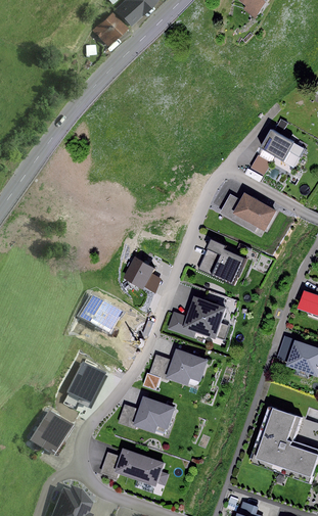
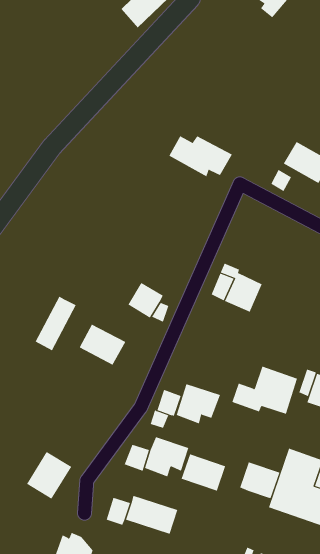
building: [91,11,126,46] -> none
building: [221,193,279,231] -> [169,135,233,177]
building: none -> [35,296,76,351]
building: [169,294,229,338] -> [231,366,298,414]
building: [62,362,105,408] -> none
building: none -> [181,454,226,491]
building: none -> [239,461,280,499]

